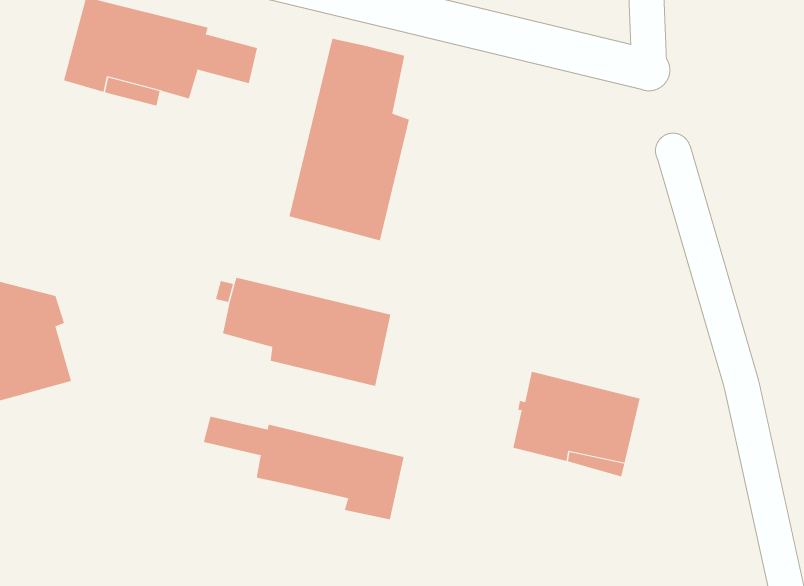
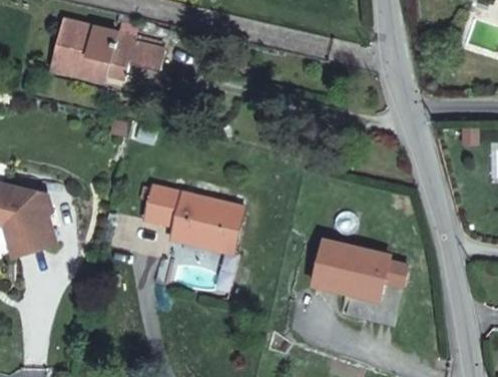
building: [289,38,410,241] -> none
building: [203,416,404,520] -> none

